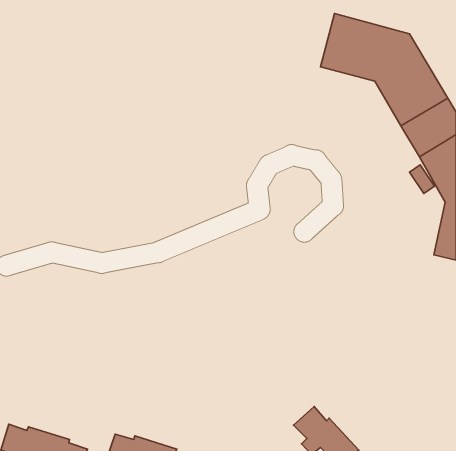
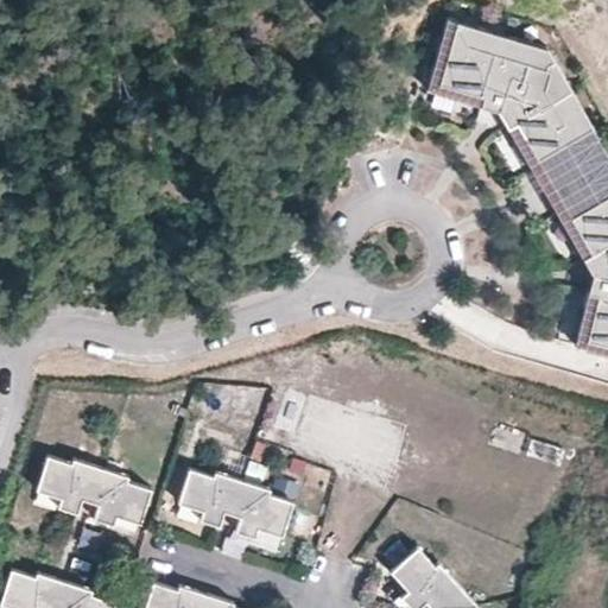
building: none -> [37,457,152,526]
building: none -> [178,470,293,538]

